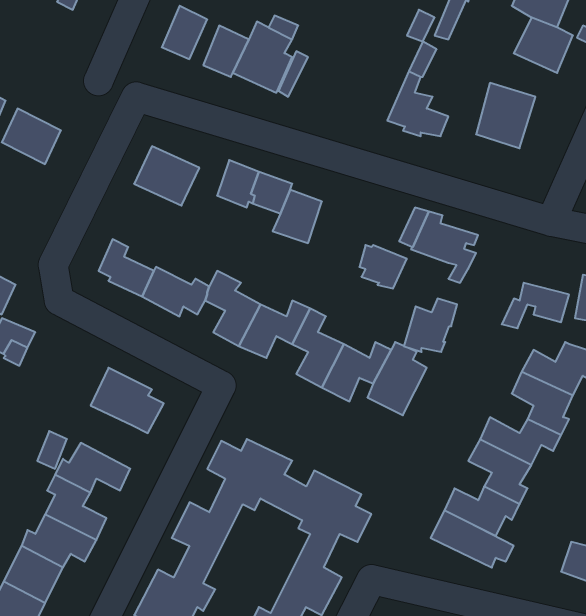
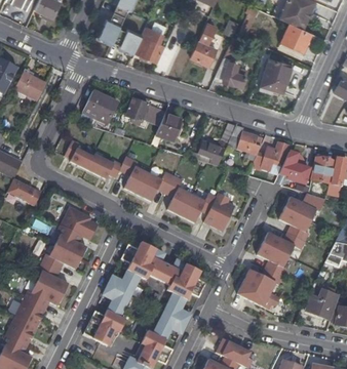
building: none -> [191,24,218,66]
building: [404,299,457,352] -> [261,141,288,169]
building: none -> [55,224,87,257]

